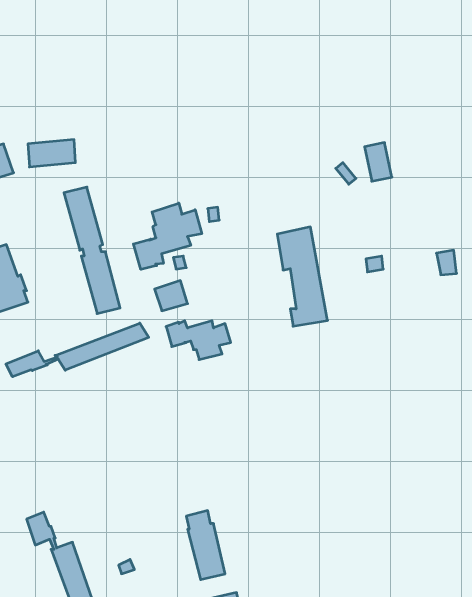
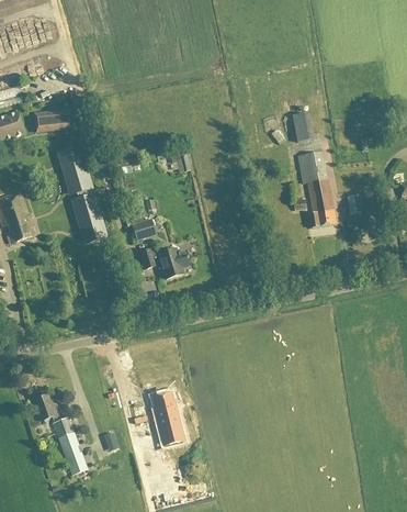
building: [133,203,202,269] -> none
building: [277,227,328,326] -> [296,149,335,225]
building: [6,323,149,377] -> none

